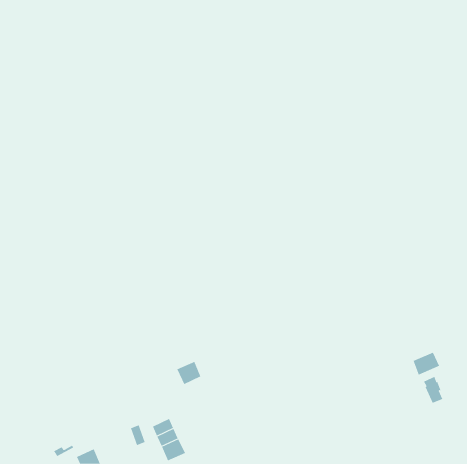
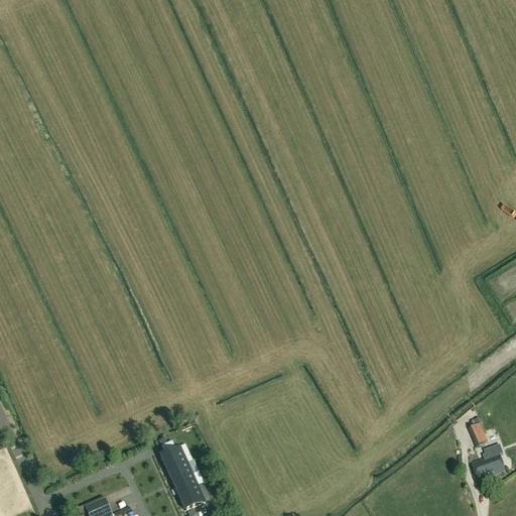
building: [413,352,440,375] -> none
building: [176,361,201,385] -> [160,443,187,470]
building: none -> [473,452,506,478]

